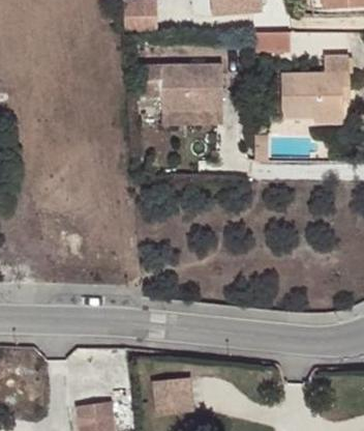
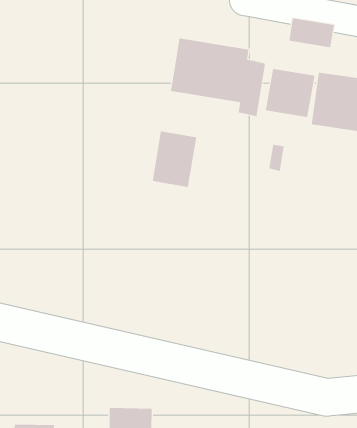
building: none -> [265,68,315,118]
building: none -> [152,130,197,188]

